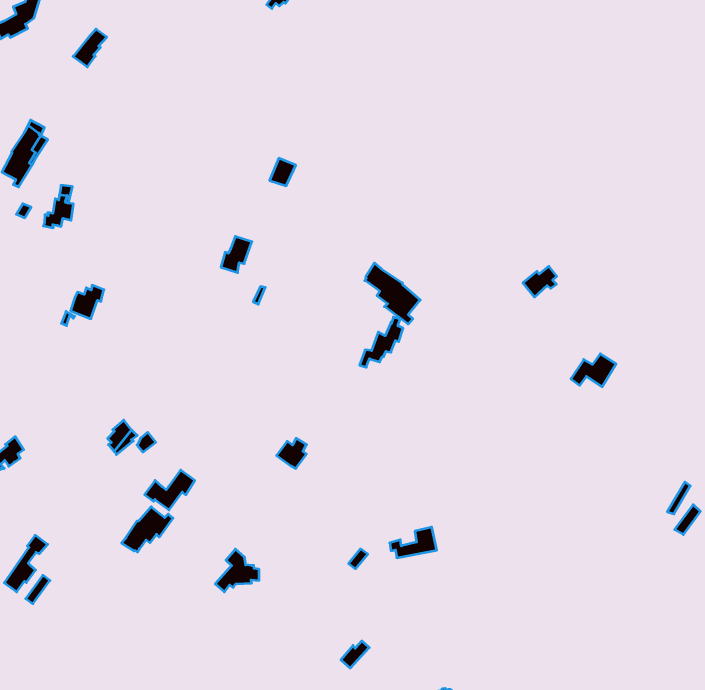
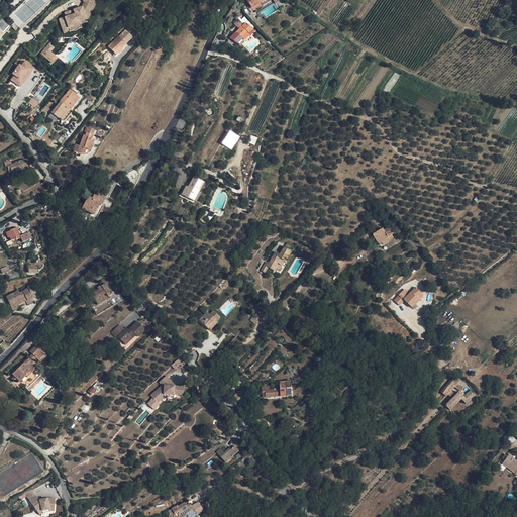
building: [365,263,420,324] -> none
building: [122,507,173,552] -> none

